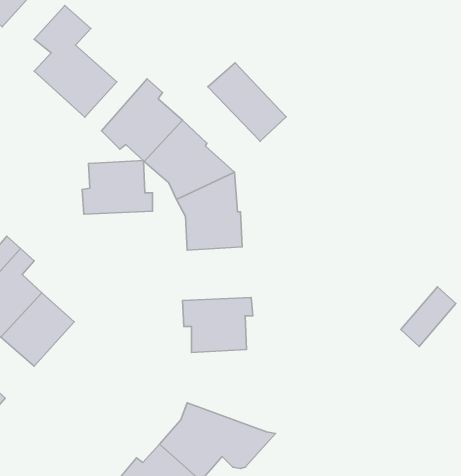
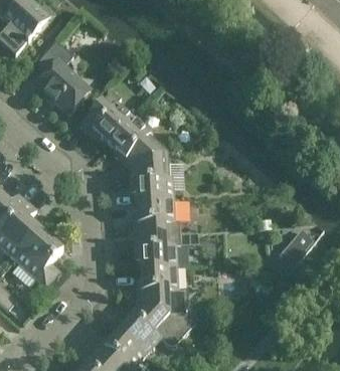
building: [208,63,286,141] -> none
building: [82,161,153,214] -> [132,200,178,235]
building: none -> [136,267,188,322]

